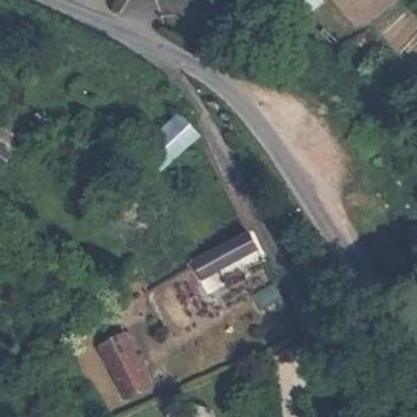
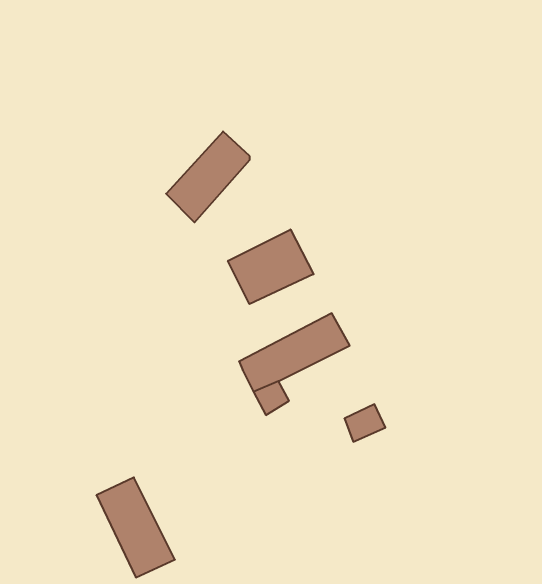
building: none -> [228,229,314,304]

